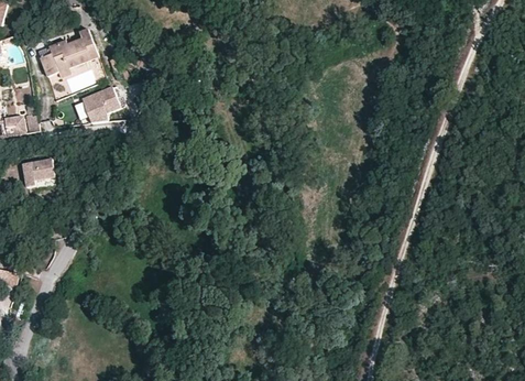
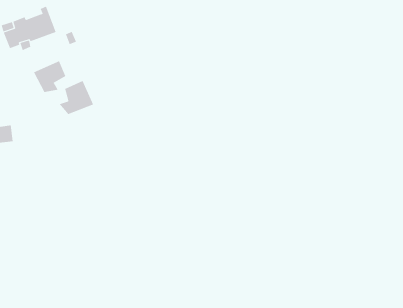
building: none -> [59,80,94,115]

